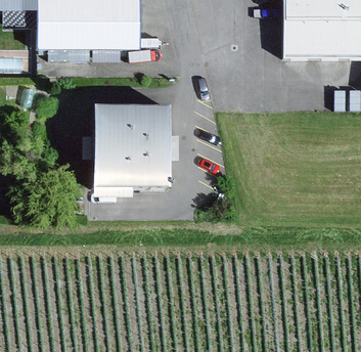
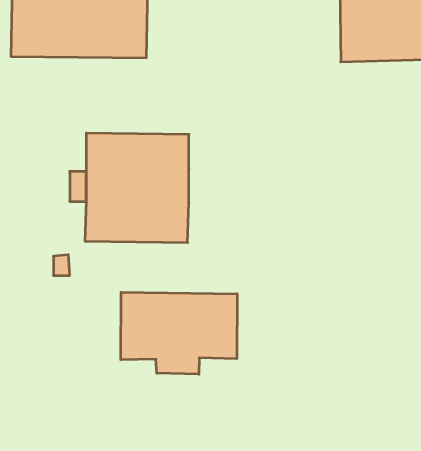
building: none -> [121,292,237,374]

